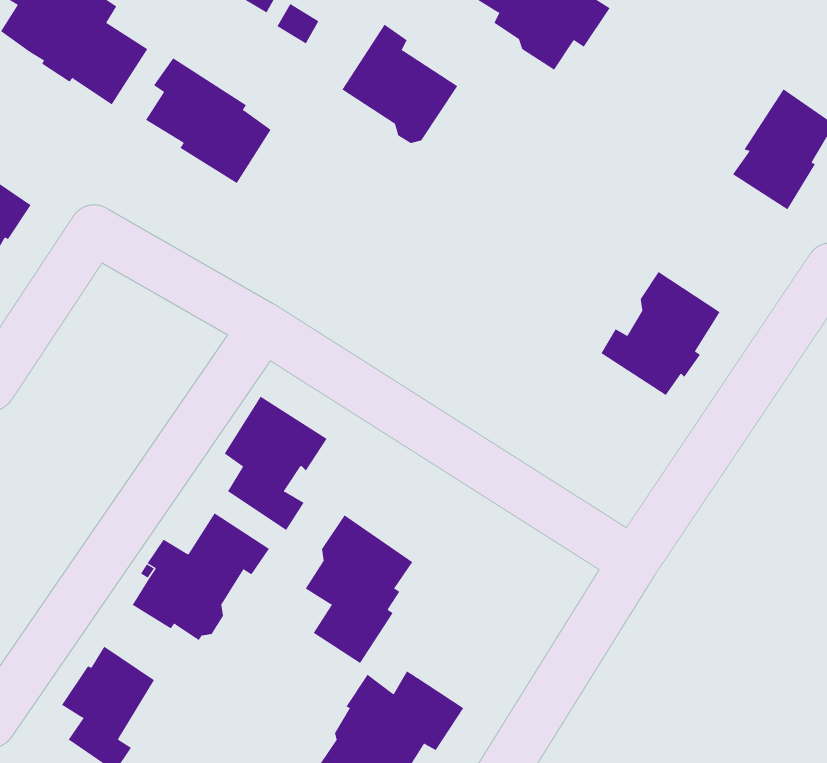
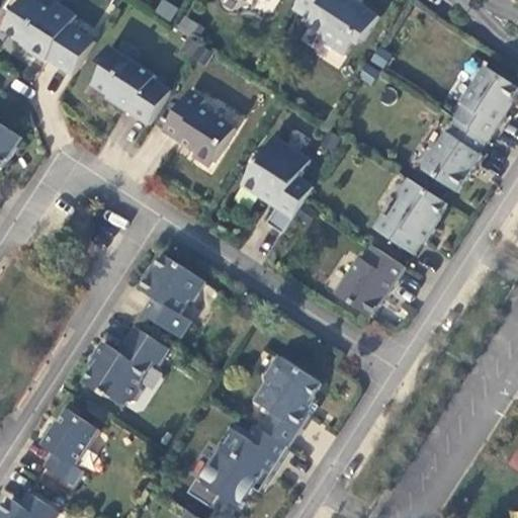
building: [342,24,458,144] -> [162,89,234,163]
building: none -> [419,119,486,191]
building: none -> [241,136,312,233]
building: none -> [334,244,404,317]
building: [305,514,413,664] -> [253,354,320,446]

